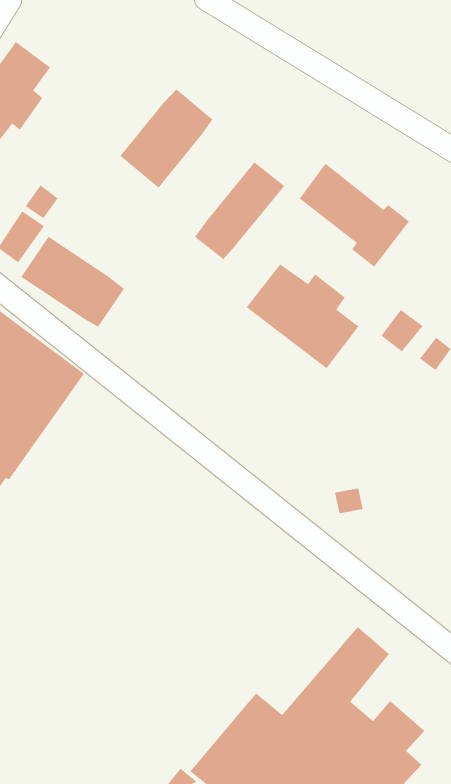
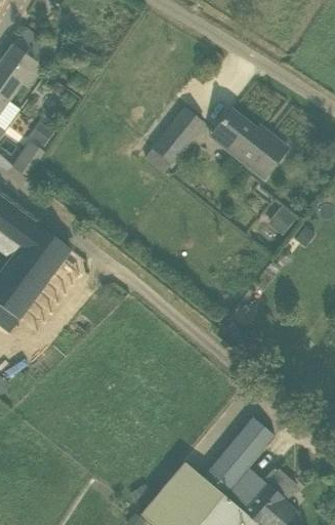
building: [119,89,213,188] -> none
building: [21,236,125,327] -> none
building: [246,264,359,369] -> none

